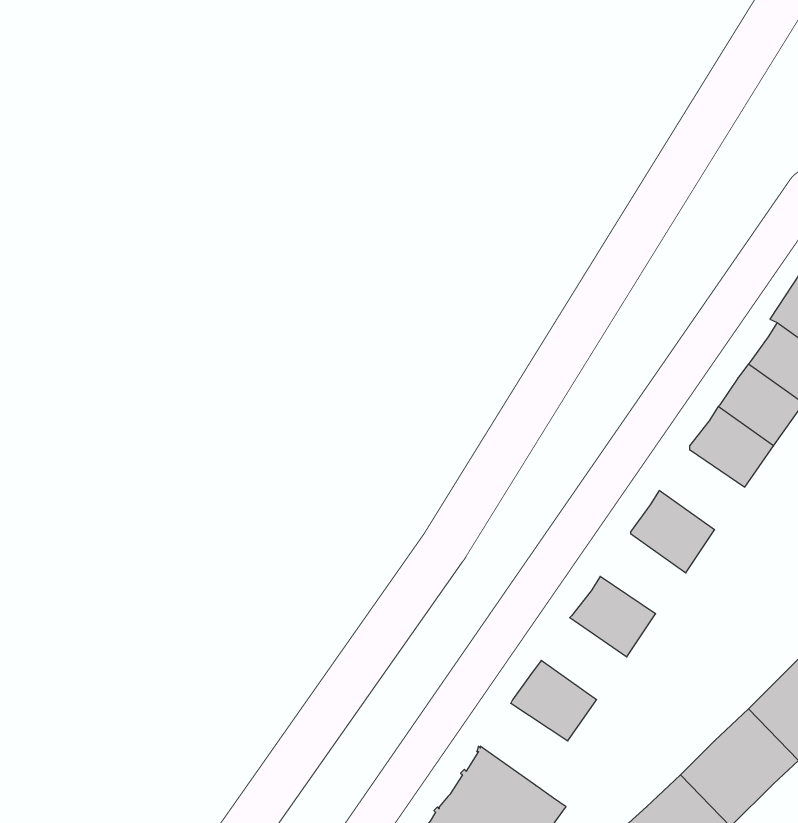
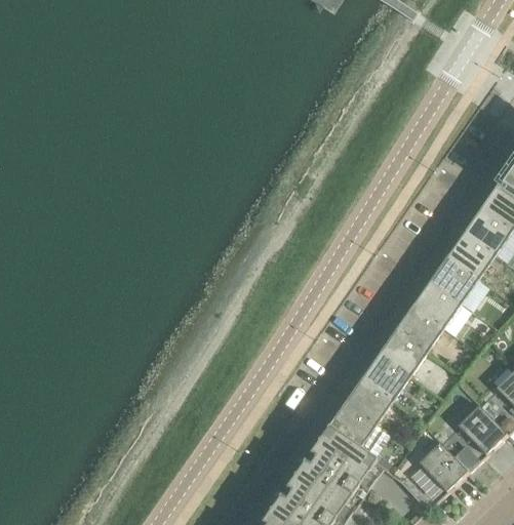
building: none -> [428,258,477,305]
building: none -> [394,307,443,353]
building: none -> [360,355,409,402]
building: none -> [325,404,386,458]

